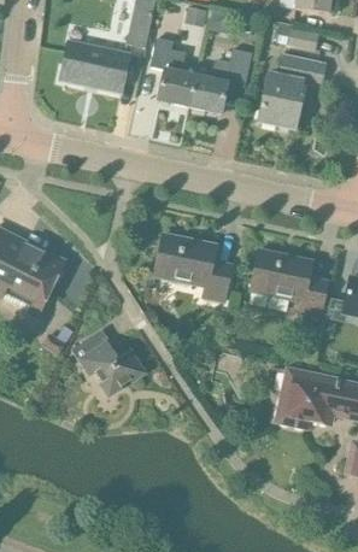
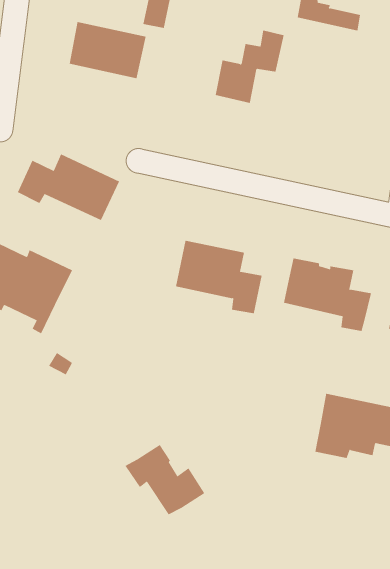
building: [151,37,196,106] -> none
building: [259,55,325,129] -> none
building: none -> [17,154,120,221]
building: [71,329,142,392] -> [125,444,205,515]

